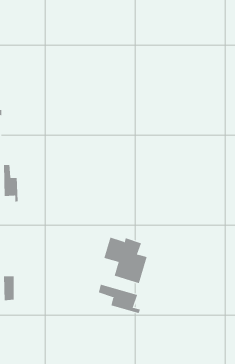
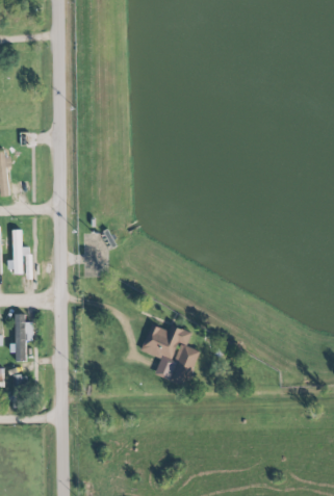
building: none -> [14,313,32,361]
building: [98,284,141,314] -> none

